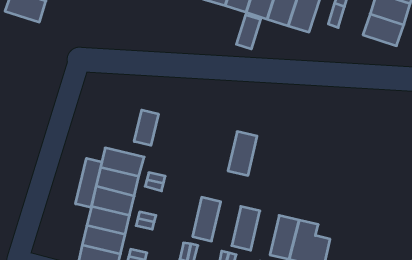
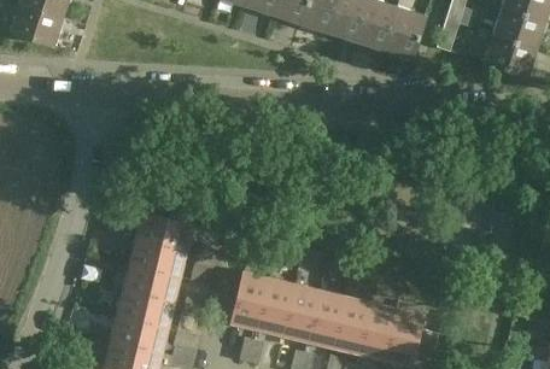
building: [236,15,261,49] -> none
building: [134,110,158,145] -> none
building: [228,132,257,175] -> [281,283,320,341]
building: [76,158,102,208] -> none
building: none -> [230,271,268,329]
building: none -> [333,295,370,353]

